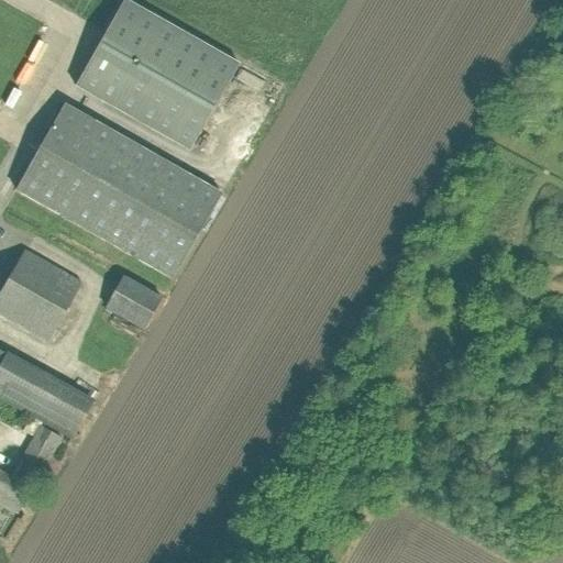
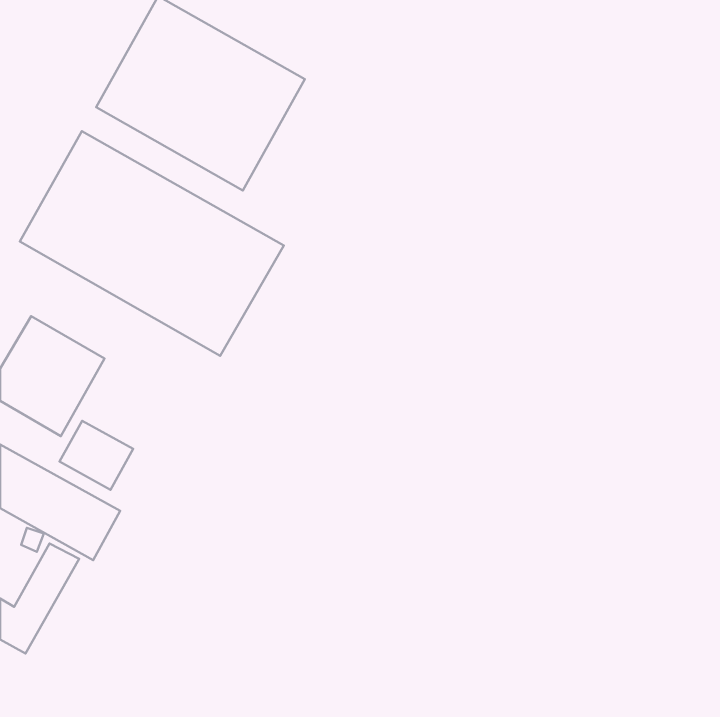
building: [106,273,163,327] -> [60,421,133,490]

